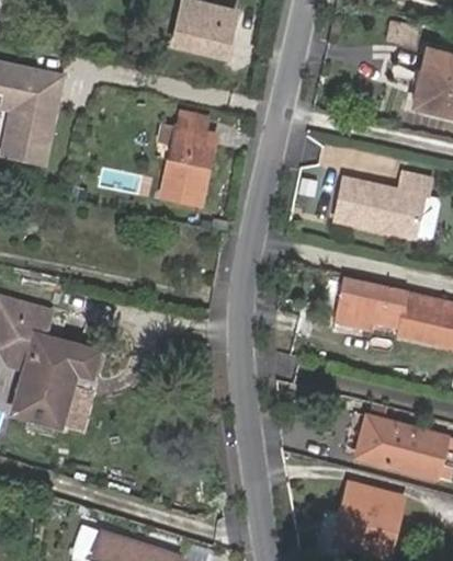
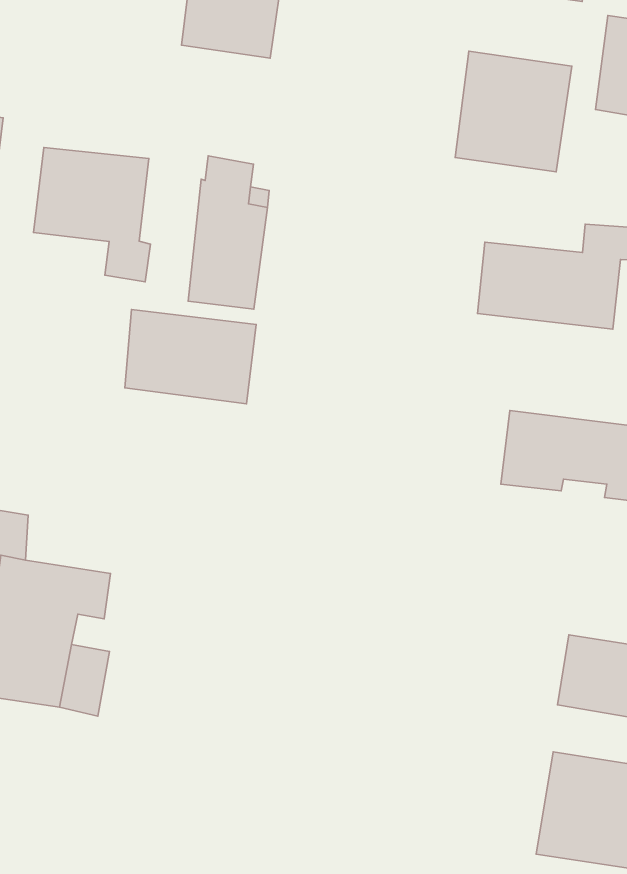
building: none -> [455,51,572,172]
building: none -> [34,148,150,282]
building: none -> [125,309,256,404]

